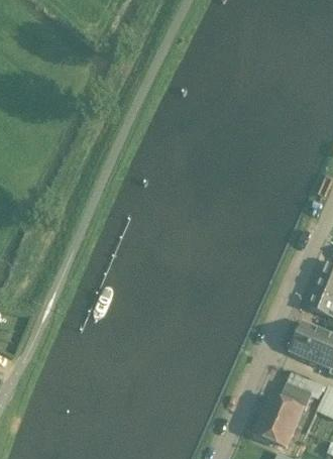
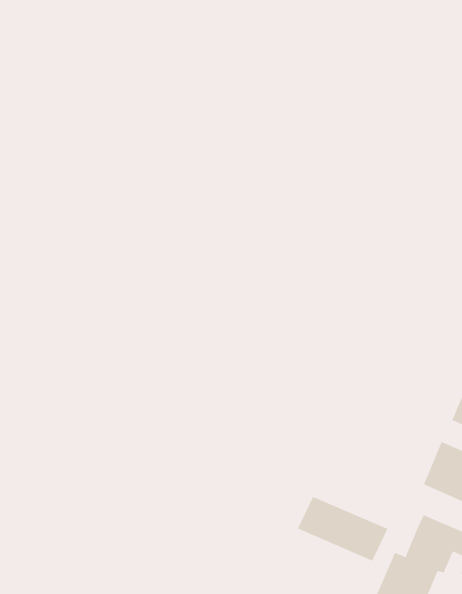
building: none -> [297,496,388,561]

